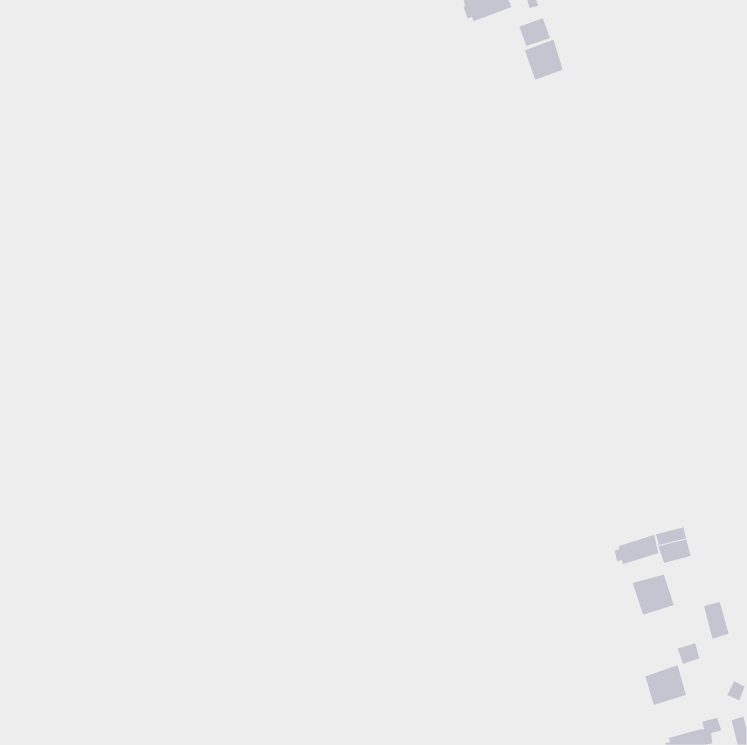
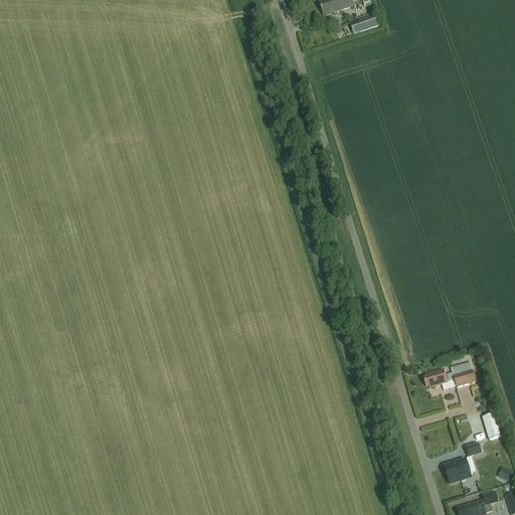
building: [524,39,564,80] -> none
building: [632,574,675,616] -> none

